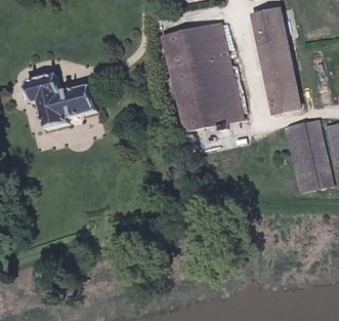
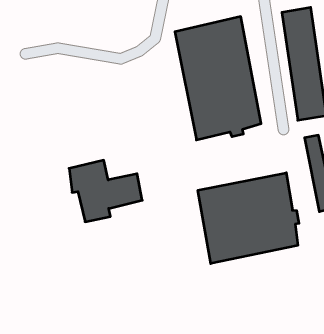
building: [29,72,96,128] -> [69,160,142,222]
building: none -> [198,173,299,264]

